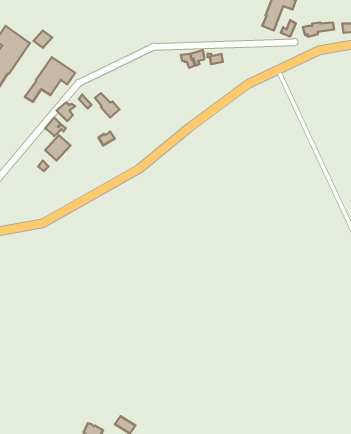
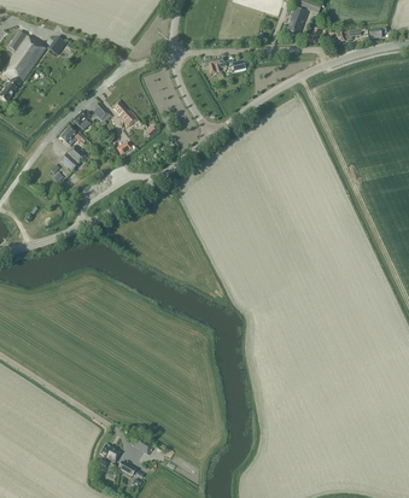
building: [25,57,75,102] -> none

